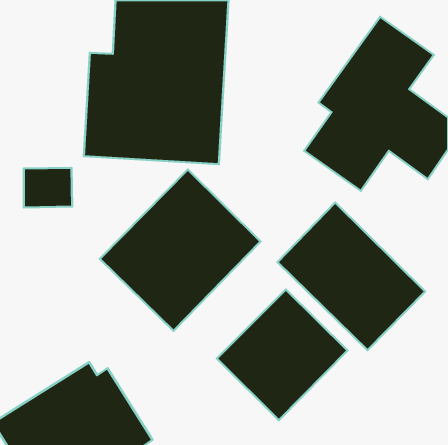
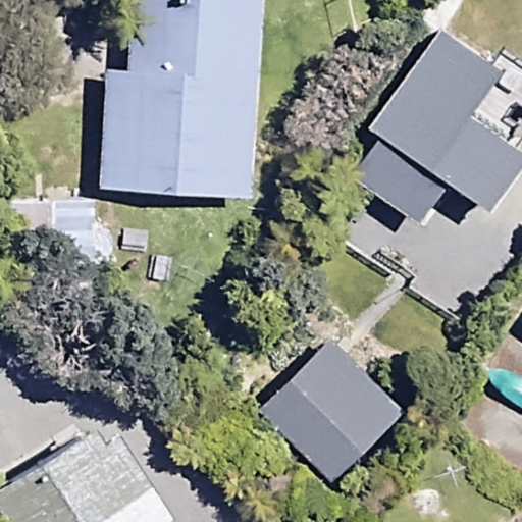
building: [100,170,261,331] -> none
building: [278,203,425,350] -> none

